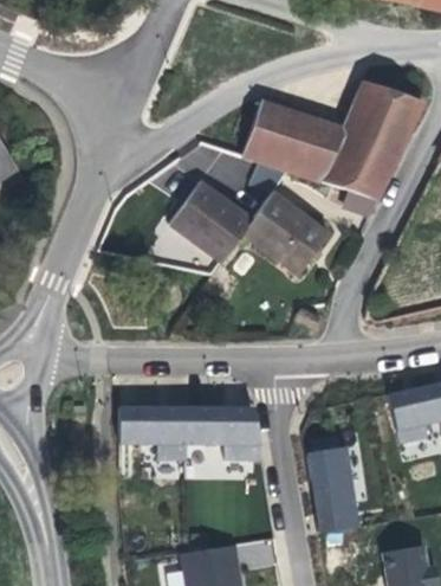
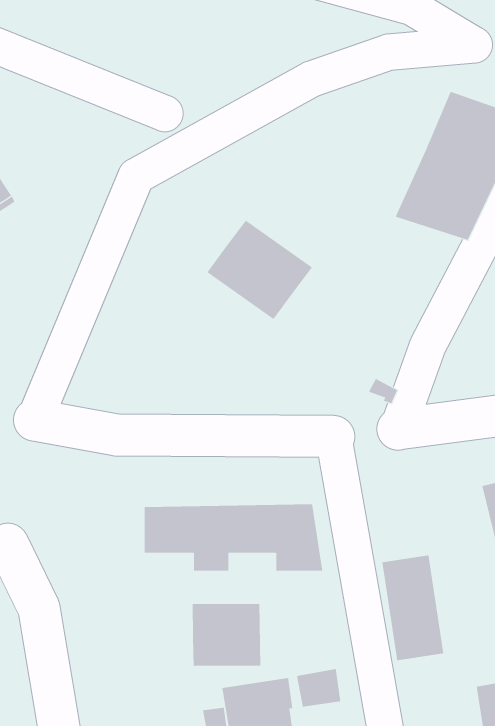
building: [242,102,343,180] -> none
building: [244,192,330,275] -> none
building: none -> [192,603,261,667]

